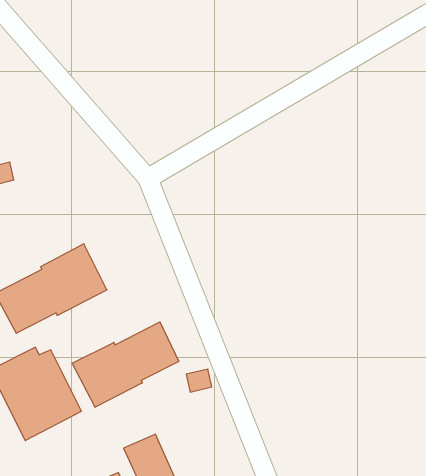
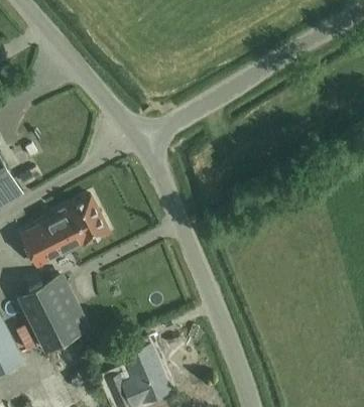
building: [72,322,179,407] -> none

